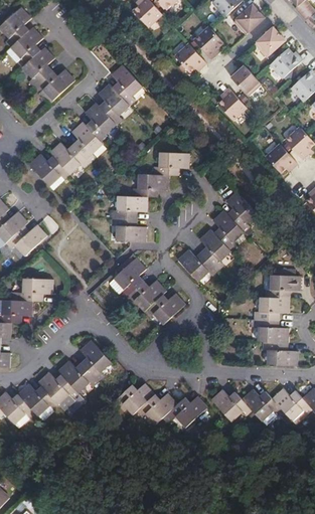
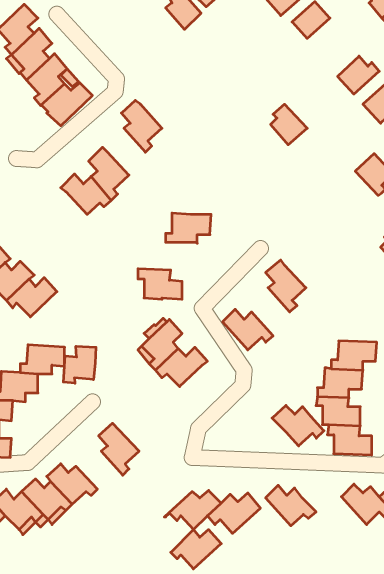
building: [193,26,223,59] -> none
building: [254,27,285,57] -> none
building: [175,43,206,73] -> none
building: [111,63,143,106] -> none
building: [229,64,258,93] -> none
building: [85,102,117,143] -> none
building: [265,144,298,173] -> none
building: [153,152,189,175] -> none
building: [30,154,70,191] -> none
building: [226,190,258,232] -> none
building: [111,195,148,218] -> none
building: [199,229,231,271] -> none
building: none -> [63,346,96,383]
building: [144,293,185,325] -> none
building: [58,361,99,392] -> none
building: [114,383,154,414] -> [171,530,221,569]
building: [242,389,283,421] -> [272,405,324,446]

